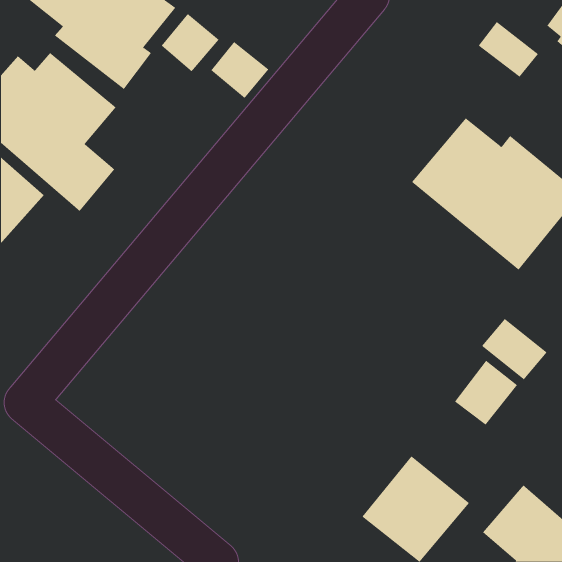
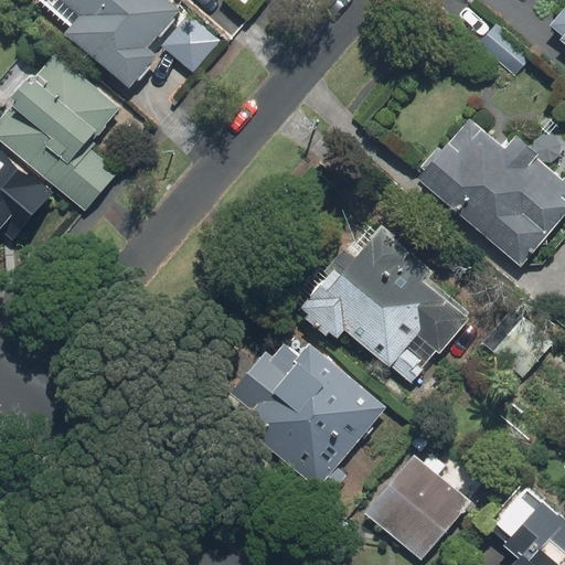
building: [211,41,269,99] -> none
building: none -> [295,220,473,387]
building: none -> [220,341,387,498]
building: [454,360,518,426] -> none

